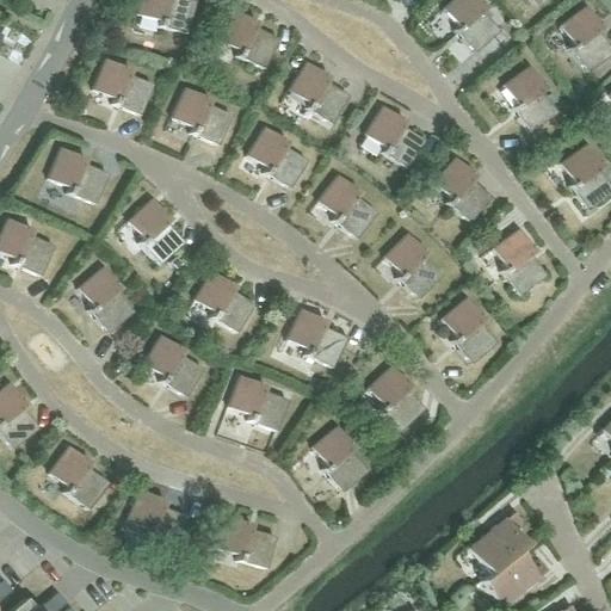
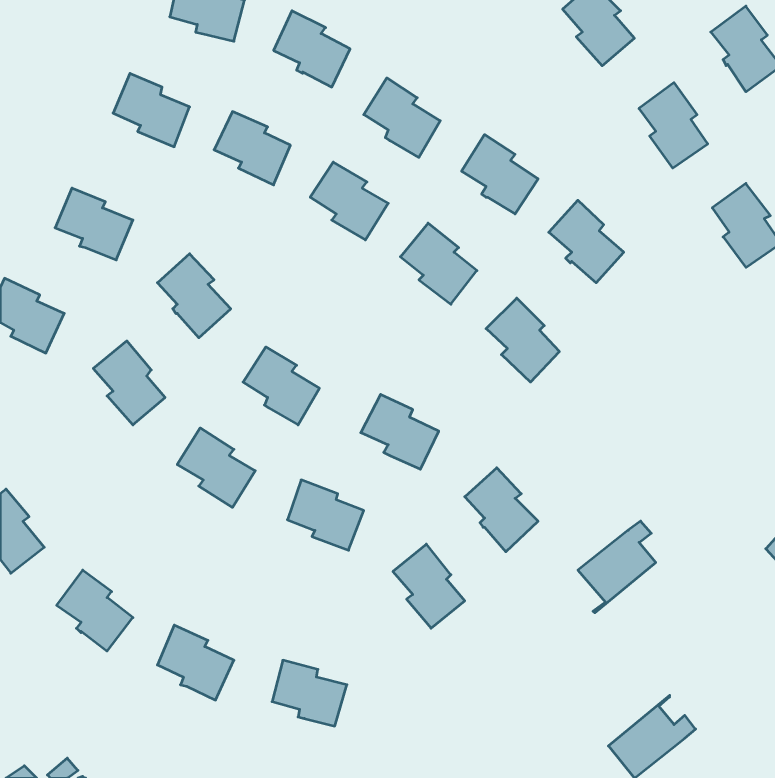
building: [493,228,547,295] -> none
building: [442,297,496,363] -> none
building: [467,511,527,582] -> [578,521,656,613]

